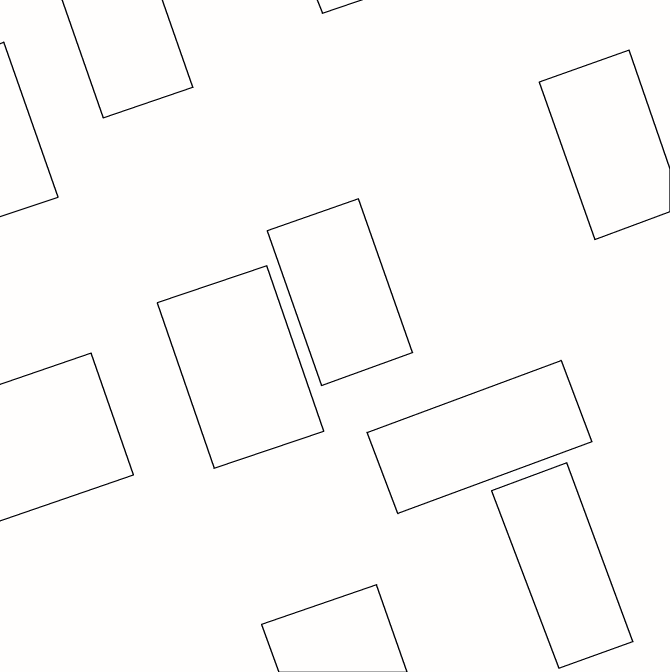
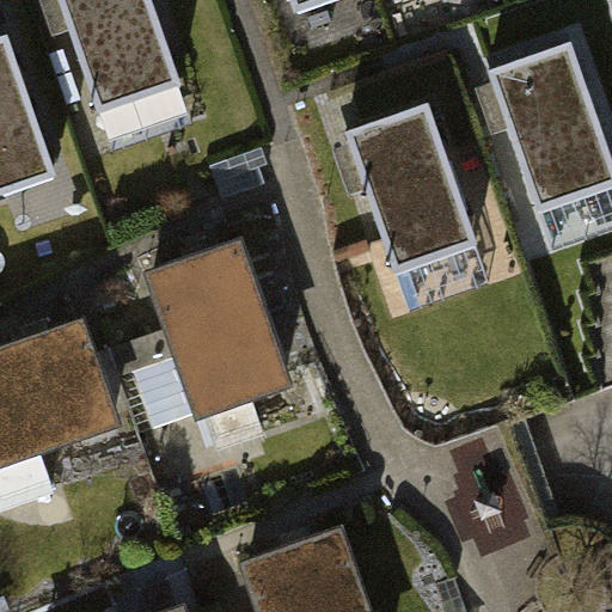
building: [267,199,413,385] -> [343,102,475,270]
building: [367,360,592,514] -> none

